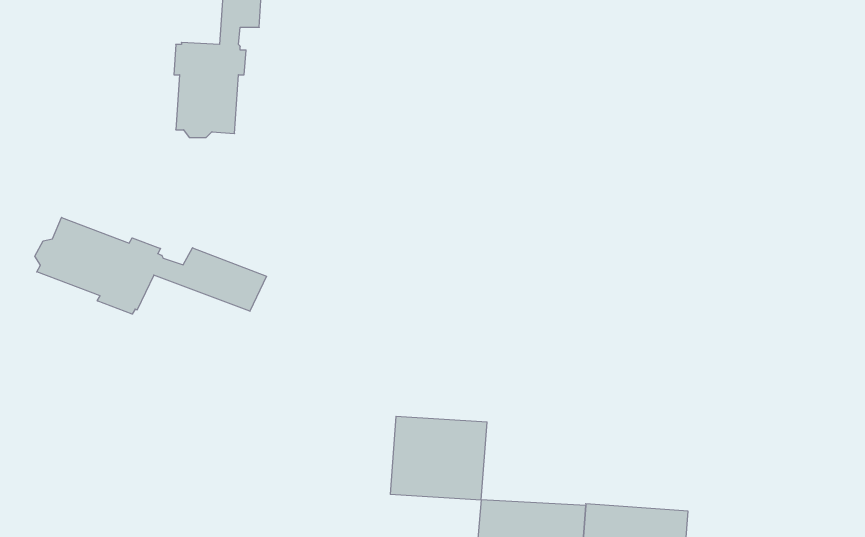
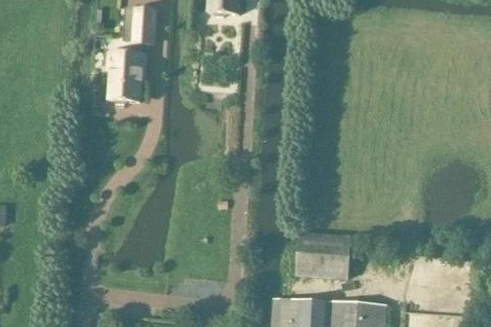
building: [35,217,267,314] -> none
building: [390,416,487,500] -> [297,231,349,277]

